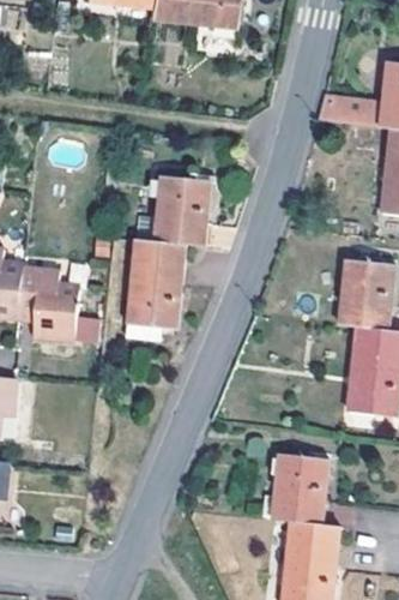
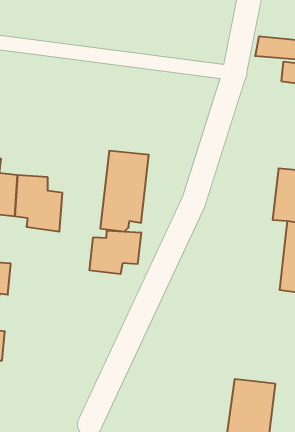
building: [137,175,210,245] -> none
building: none -> [90,231,141,274]
building: [260,452,328,523] -> none

